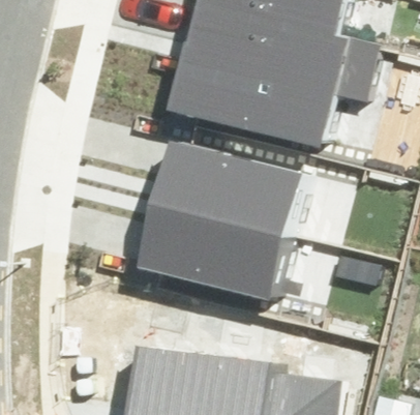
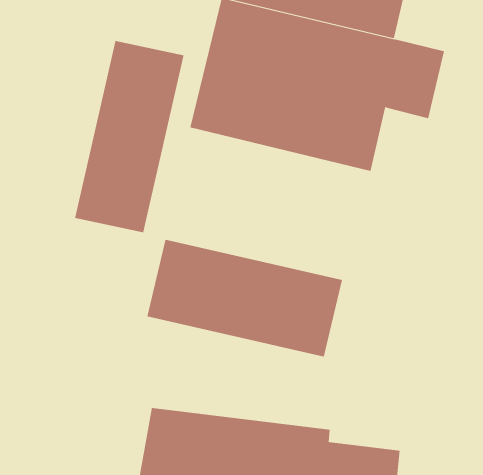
building: none -> [74,40,184,233]
building: [149,140,313,238] -> none

